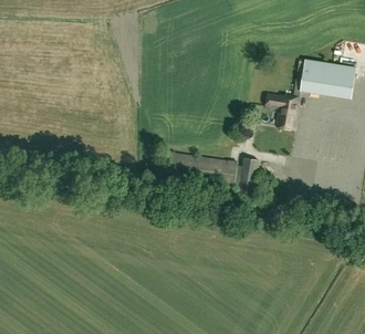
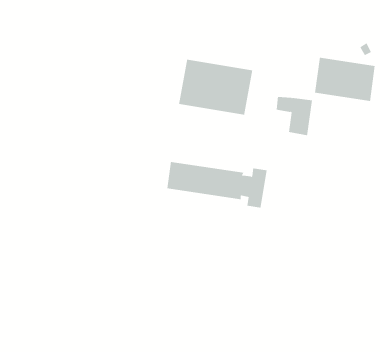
building: none -> [179,59,253,115]

